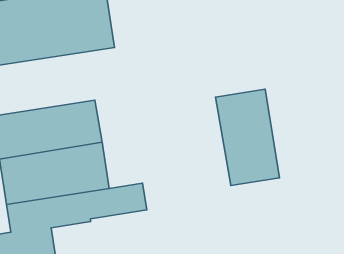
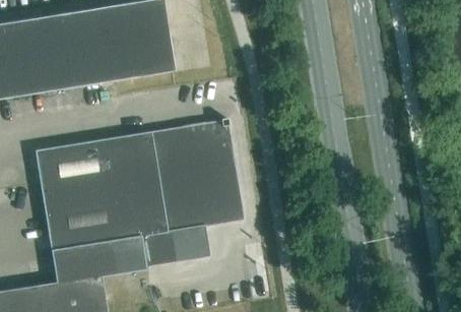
building: [216,89,280,185] -> none
building: none -> [151,119,244,232]

